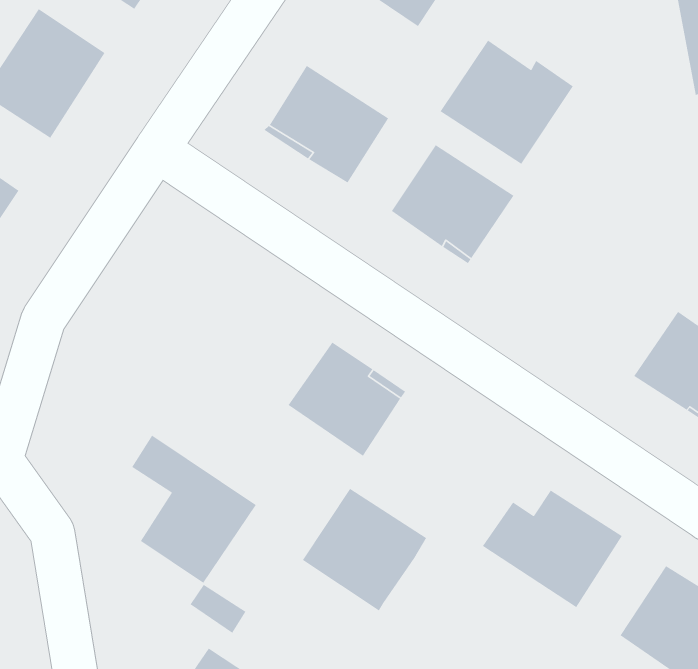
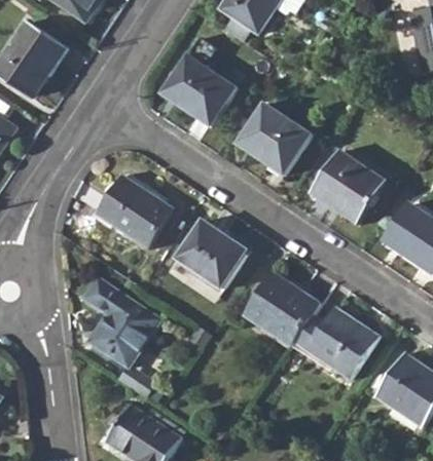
building: [439,39,574,165] -> none
building: none -> [311,149,387,223]
building: none -> [96,176,173,248]
building: [302,488,427,612] -> [243,273,318,347]

